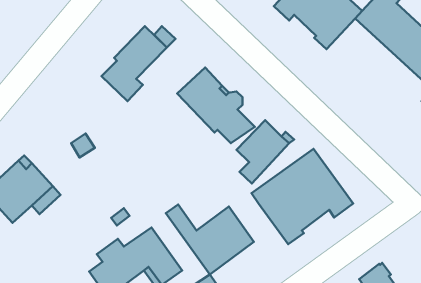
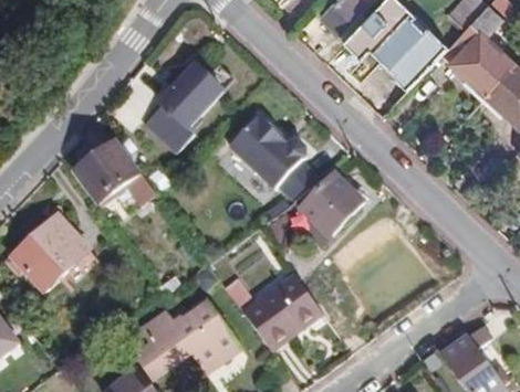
building: none -> [73,141,154,204]
building: [251,149,353,244] -> none

